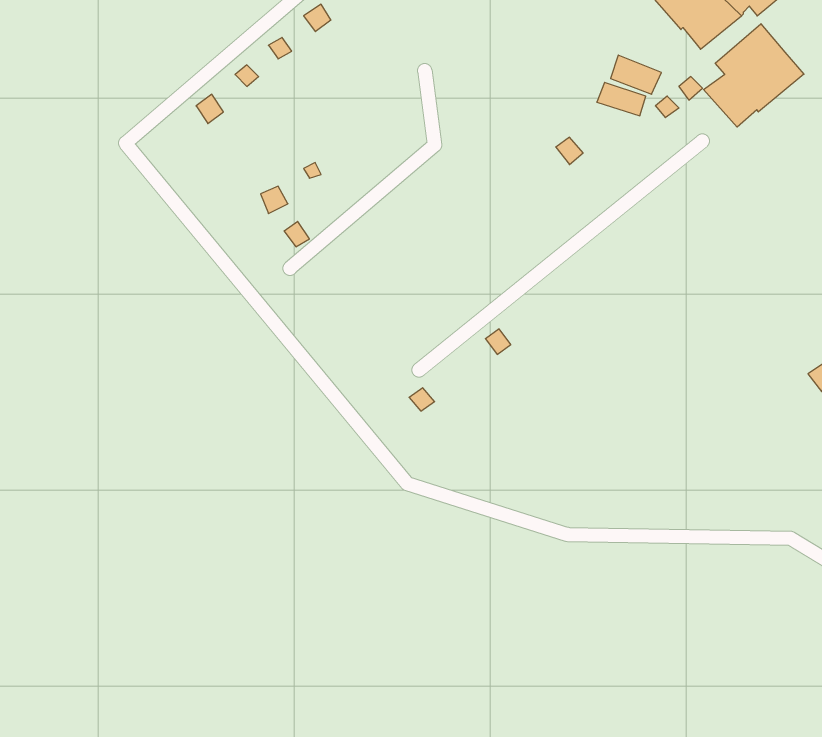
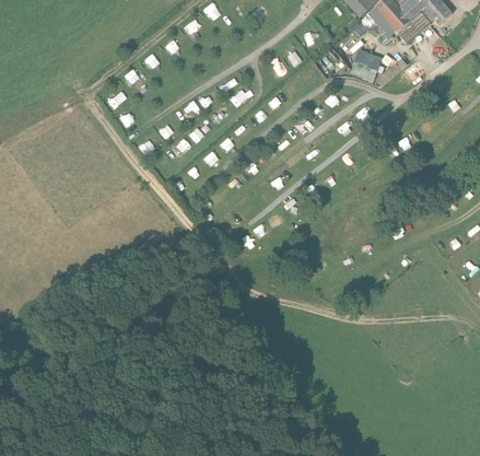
building: [704,24,804,127] -> none

